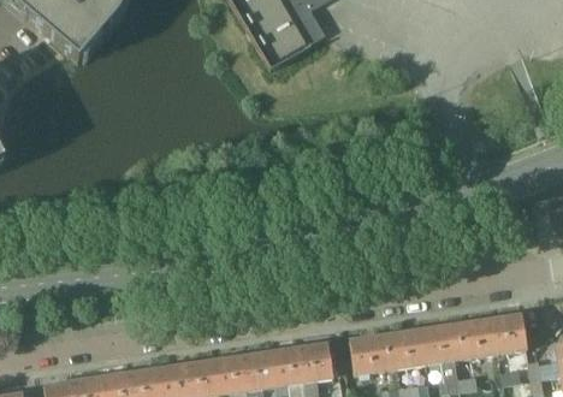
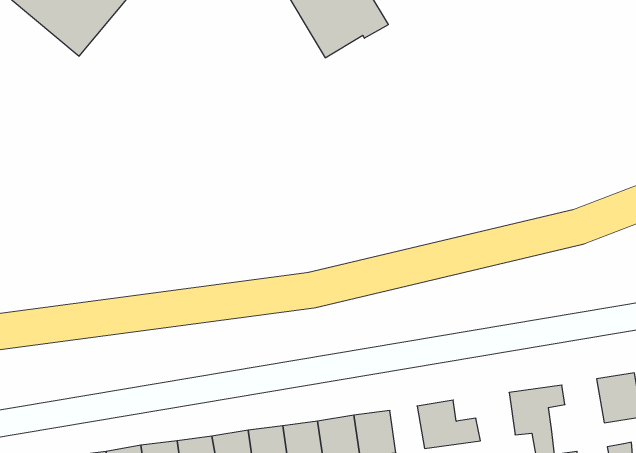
building: [454,318,498,357] -> none
building: [378,328,427,367] -> none

